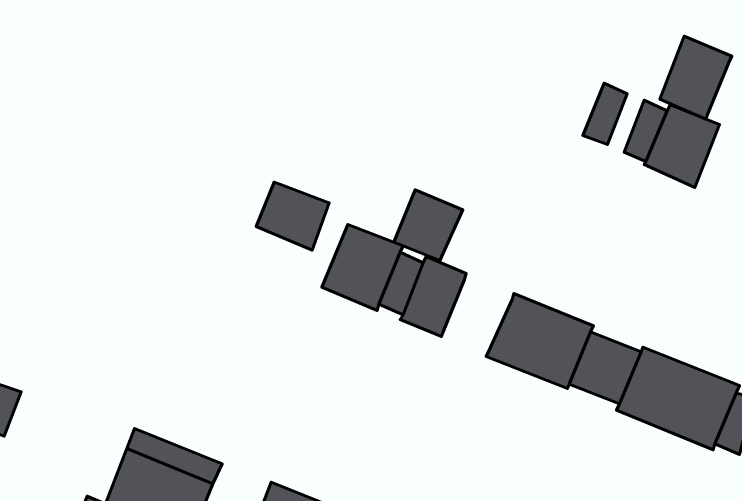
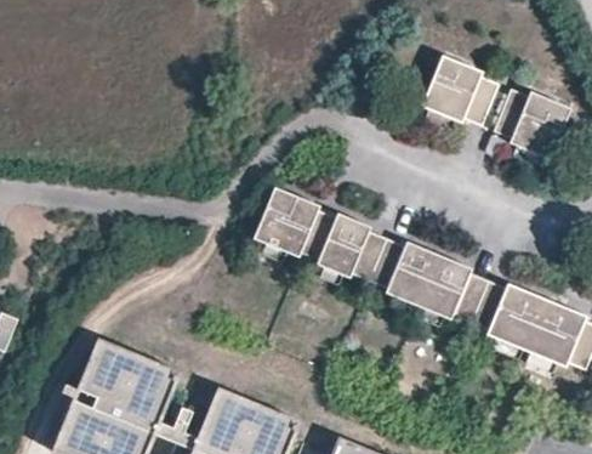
building: [660,36,732,119] -> [425,55,482,120]
building: [256,182,329,250] -> none
building: [394,190,463,261] -> [352,231,406,286]

